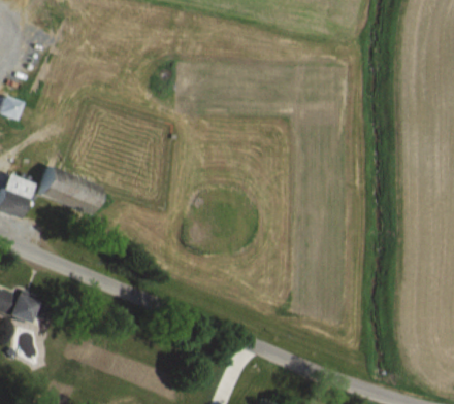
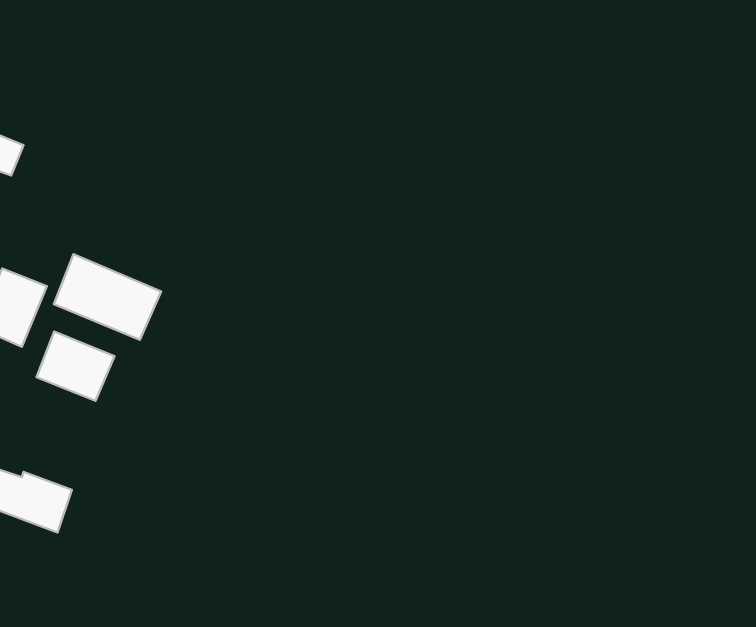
building: none -> [37,331,114,401]

